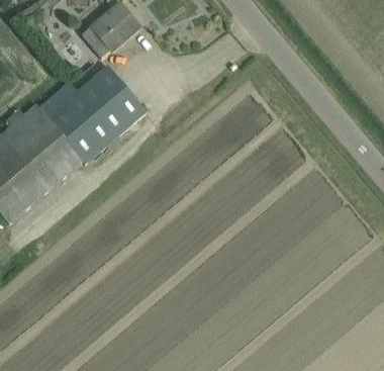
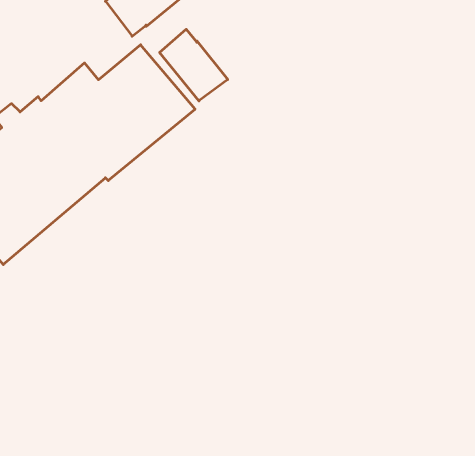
building: none -> [160,29,228,101]

